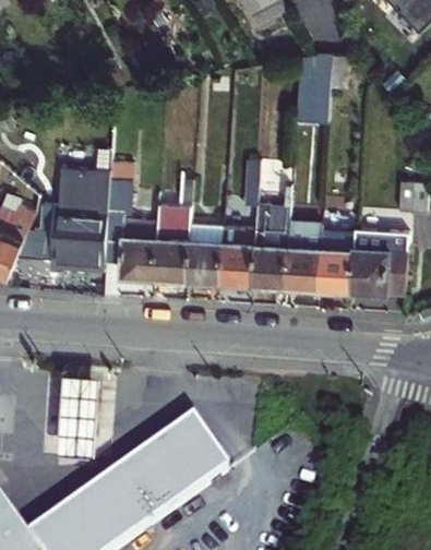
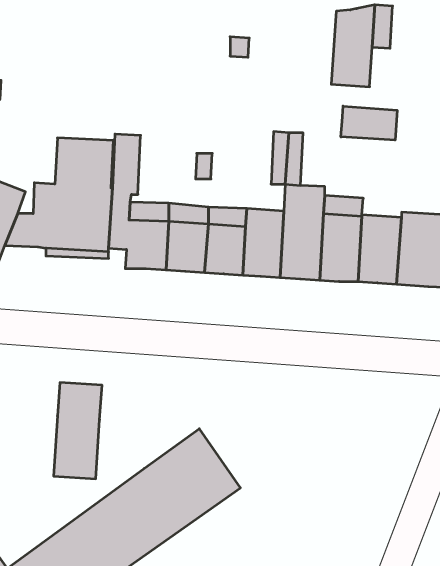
building: none -> [341,106,397,140]

